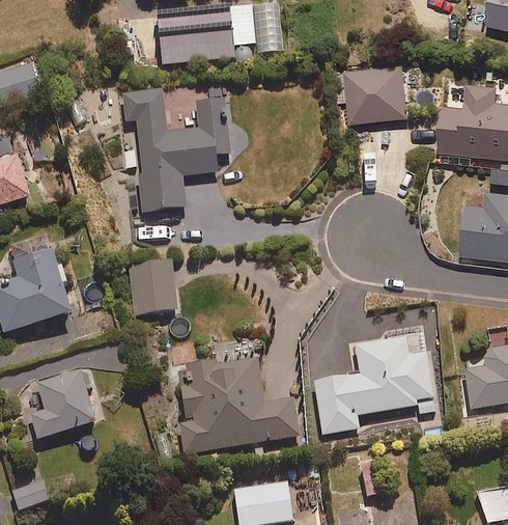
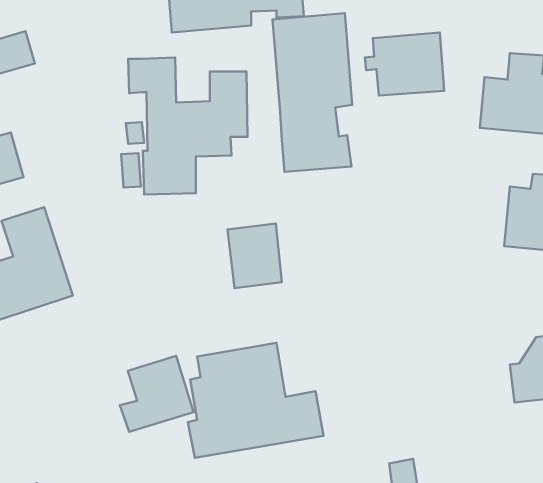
building: none -> [273,13,352,172]
building: [129,256,177,314] -> [228,224,282,288]
building: [314,334,435,433] -> none
building: [29,366,95,435] -> [120,356,194,432]

